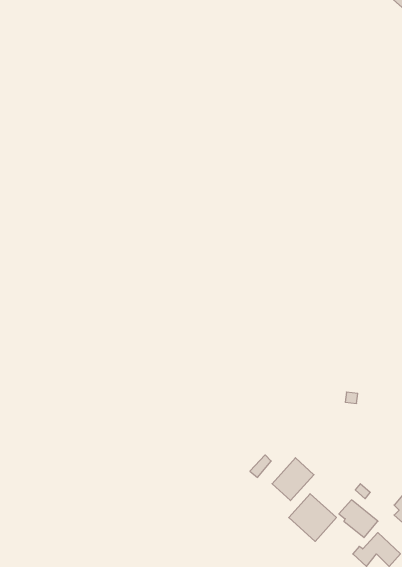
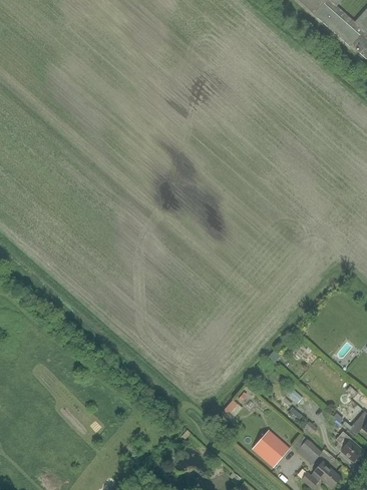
building: [272,458,314,501] -> none

